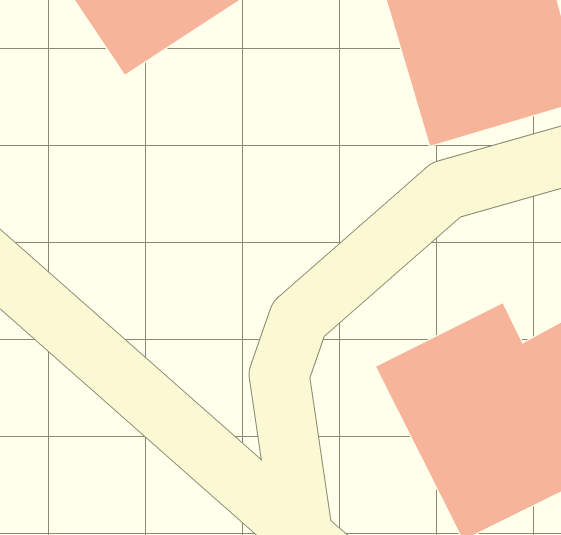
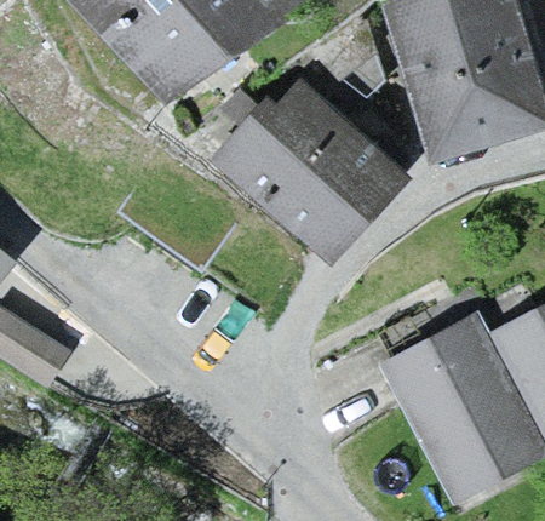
building: none -> [225,80,419,270]

